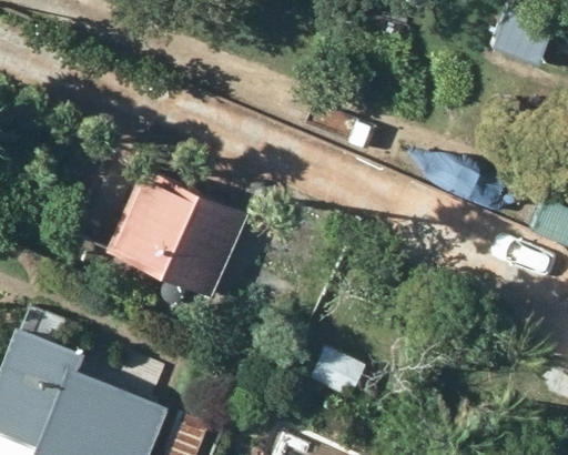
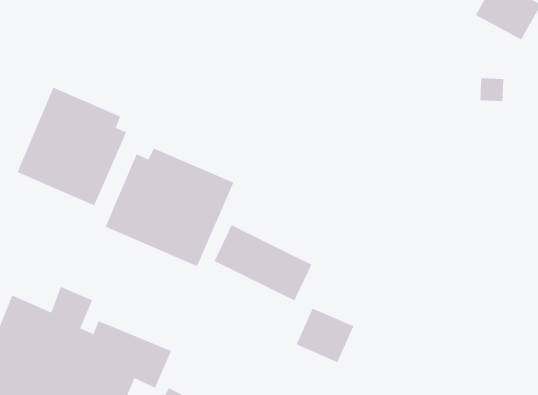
building: none -> [17,87,127,206]

